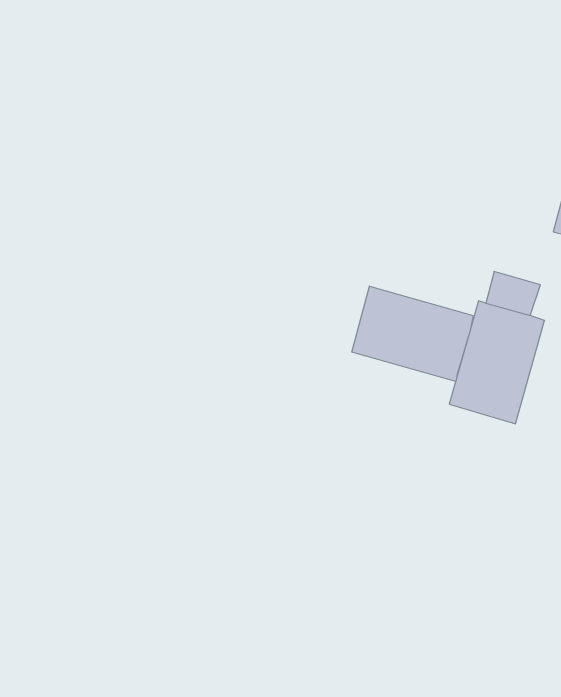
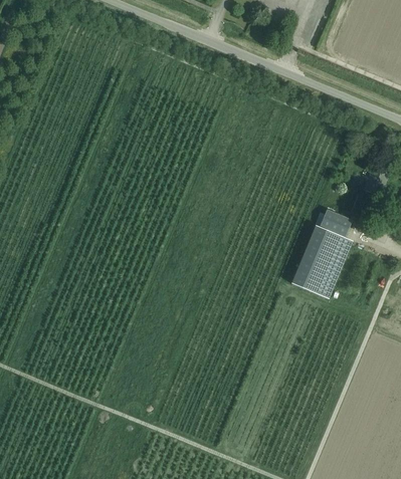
building: [352,286,473,381] -> none

